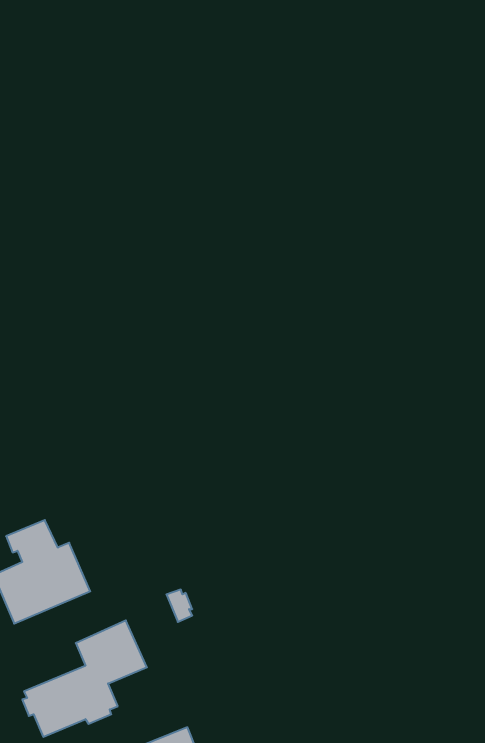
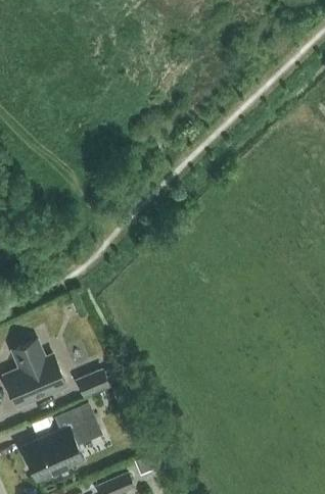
building: none -> [74,367,117,397]

